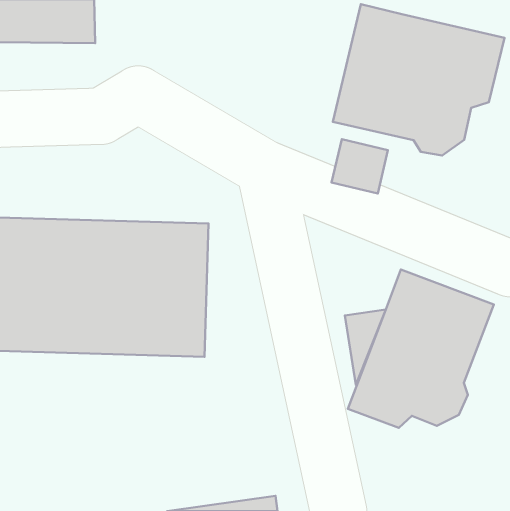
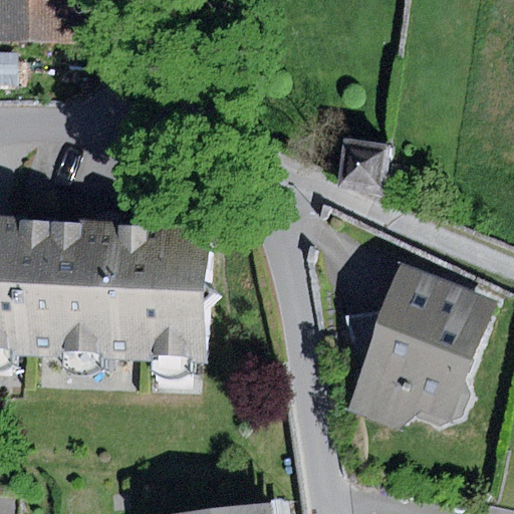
building: [333,4,504,155] -> none

